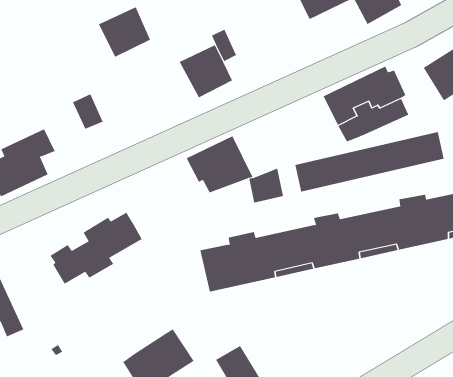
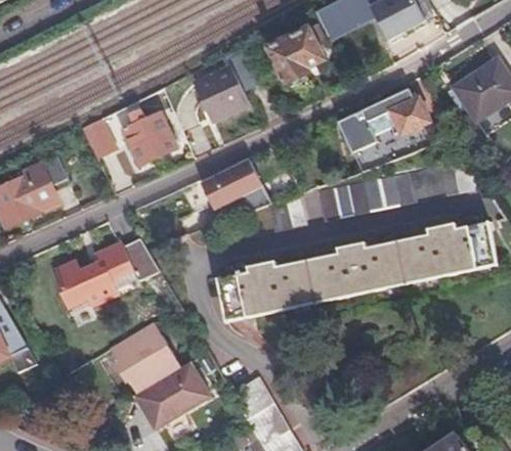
building: none -> [266,24,325,85]
building: [98,6,151,57] -> [121,111,176,165]
building: none -> [109,323,179,395]

